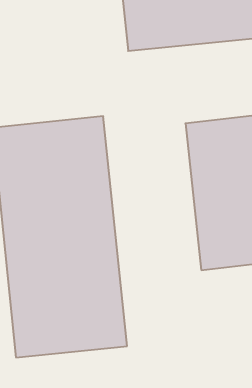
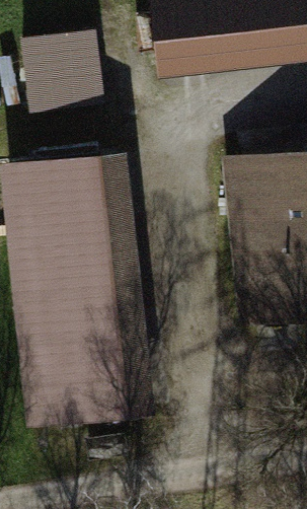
building: none -> [31,38,105,108]

